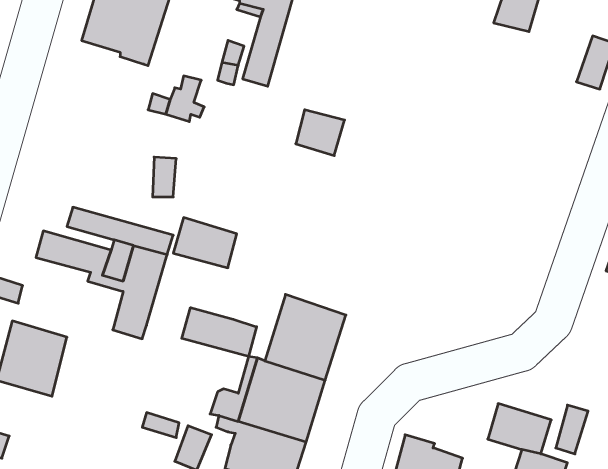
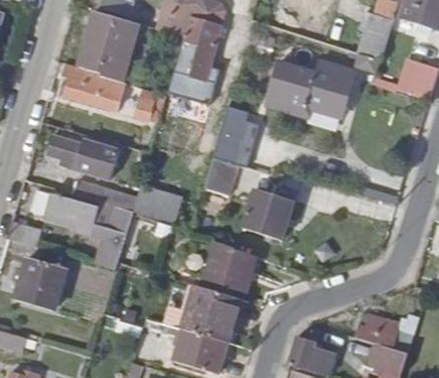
building: none -> [264,62,354,119]
building: none -> [59,65,118,110]
building: none -> [46,137,120,179]
building: none -> [203,154,238,191]
building: none -> [251,190,301,241]
building: [182,308,257,356] -> none

